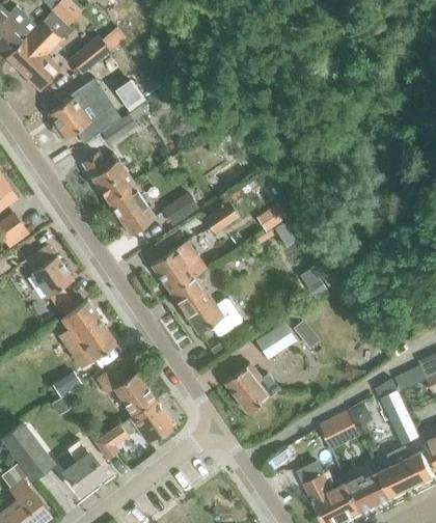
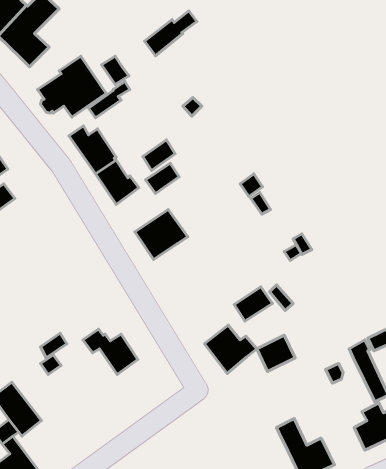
building: [70,27,125,75] -> [145,11,197,56]
building: [203,201,238,233] -> [143,140,175,170]
building: [24,246,72,297] -> none
building: [170,277,242,337] -> none
building: [57,301,116,368] -> none
building: [94,400,171,460] -> none
building: [320,411,360,449] -> [257,335,295,371]
building: [63,440,105,493] -> none
building: [348,471,393,511] -> none

